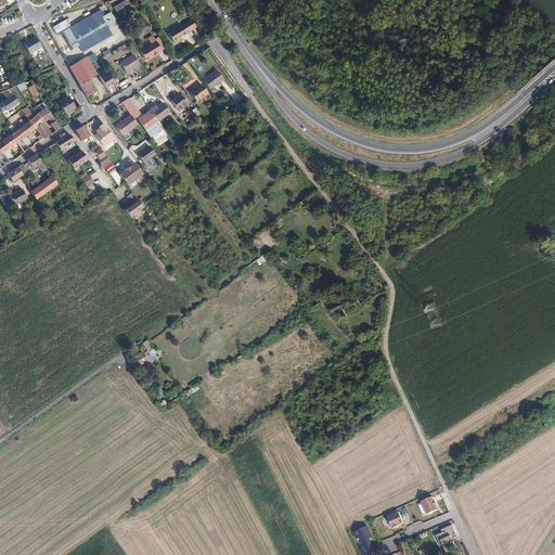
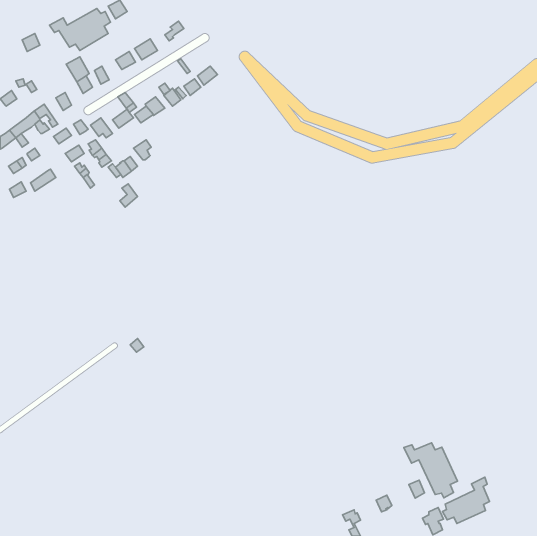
building: none -> [404,443,457,498]
building: none -> [443,477,489,524]

